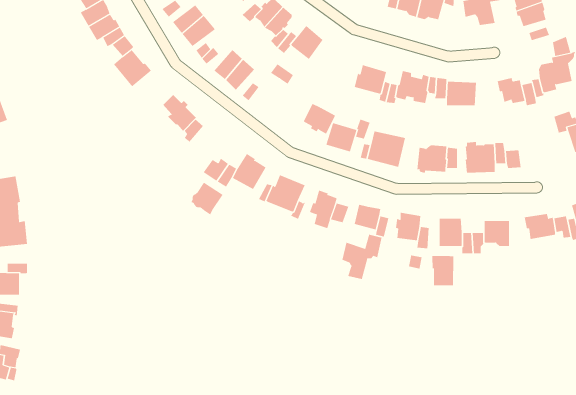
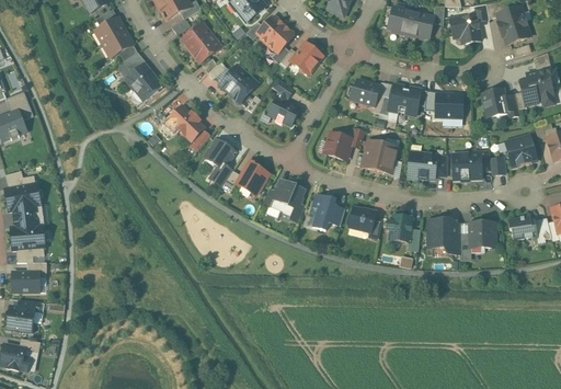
building: [303,103,336,135] -> [268,95,299,125]
building: none -> [505,134,536,167]
building: [191,182,224,215] -> [205,138,236,169]
building: [342,234,382,280] -> none
building: [432,255,454,286] -> none

